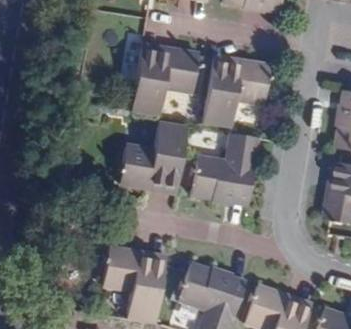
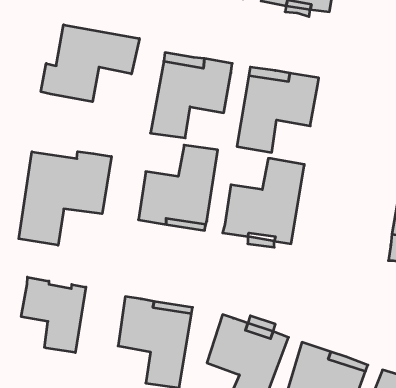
building: none -> [41,25,139,102]
building: none -> [19,152,111,245]
building: none -> [21,277,86,353]

